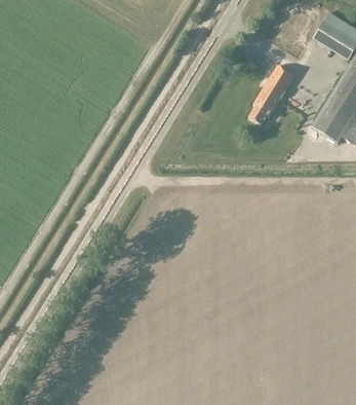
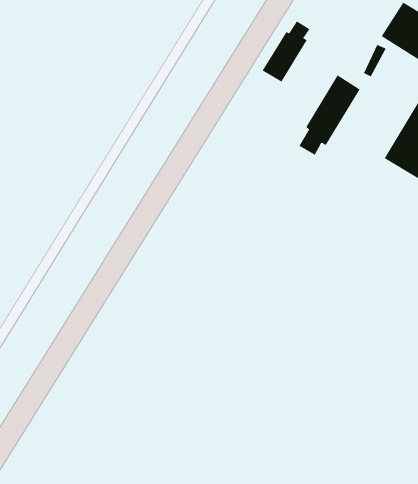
building: none -> [262,20,310,82]

